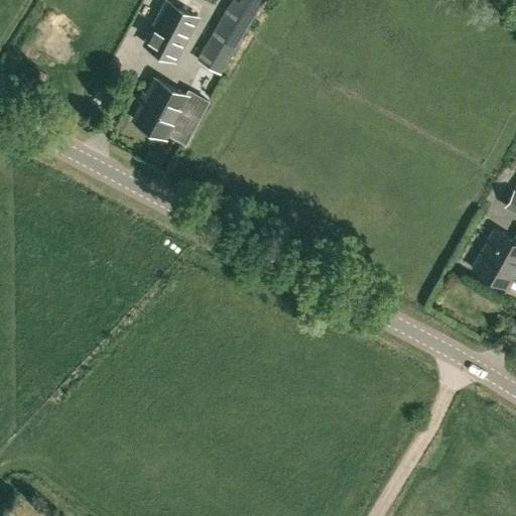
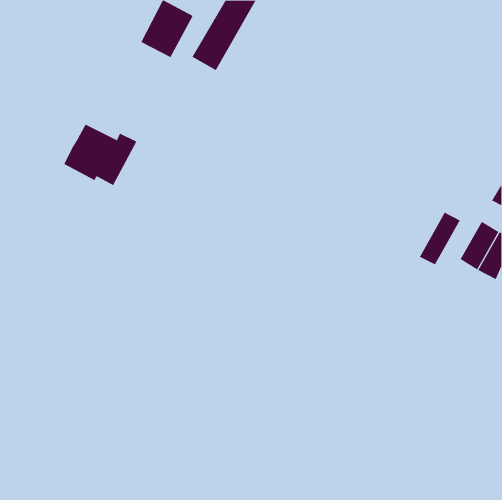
building: [134,80,210,143] -> [63,124,137,186]
building: none -> [419,212,461,265]

